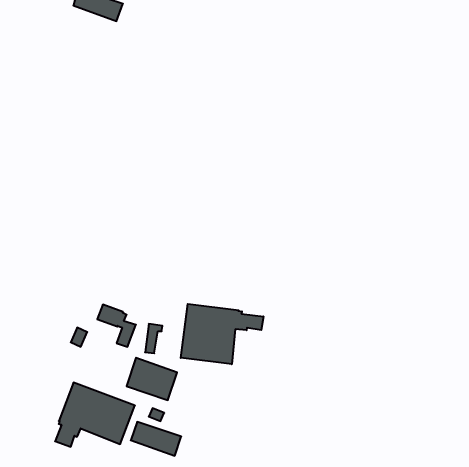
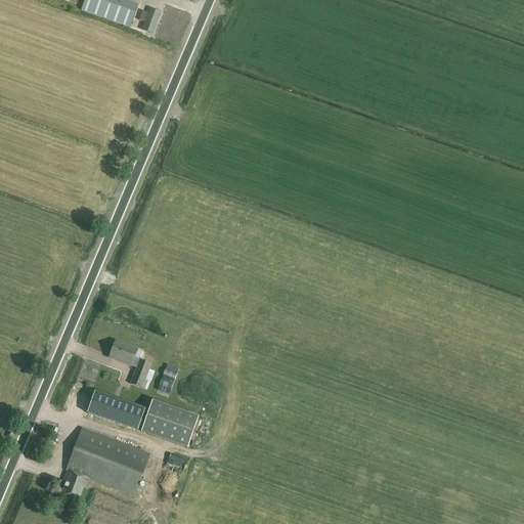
building: [181,304,263,364] -> none
building: [131,422,181,456] -> [88,391,144,429]

